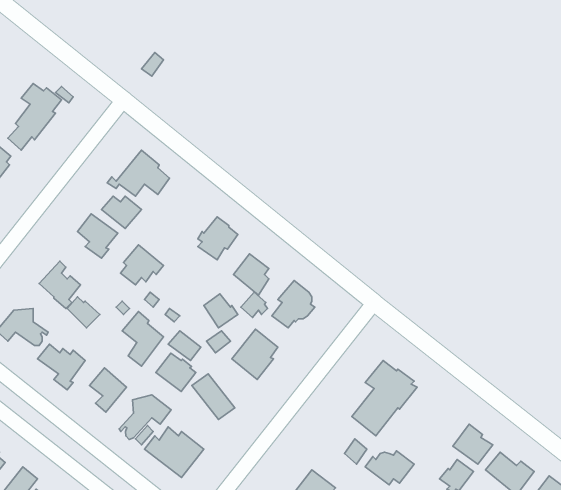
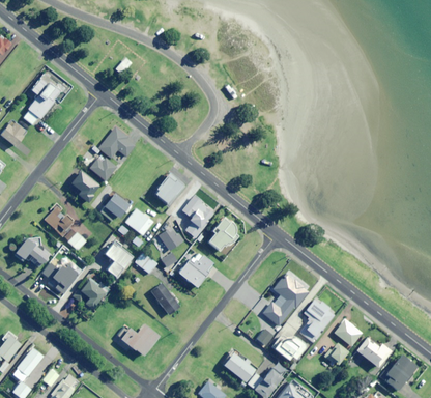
building: [156,353,196,392] -> [124,208,152,235]
building: [119,395,171,439] -> none
building: none -> [298,298,334,341]

